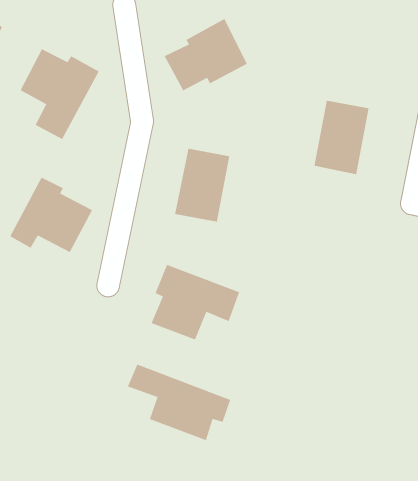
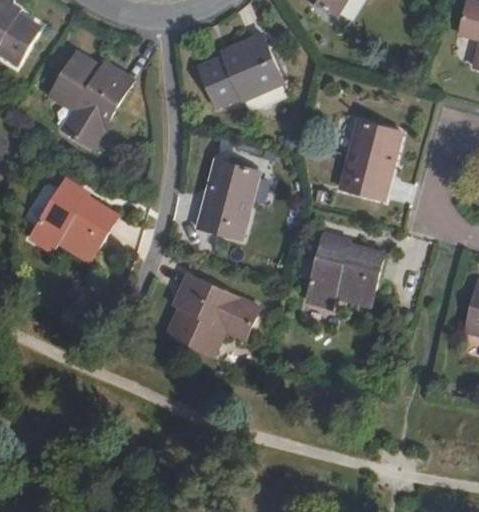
building: none -> [309,234,384,307]
building: [127,364,231,441] -> none

